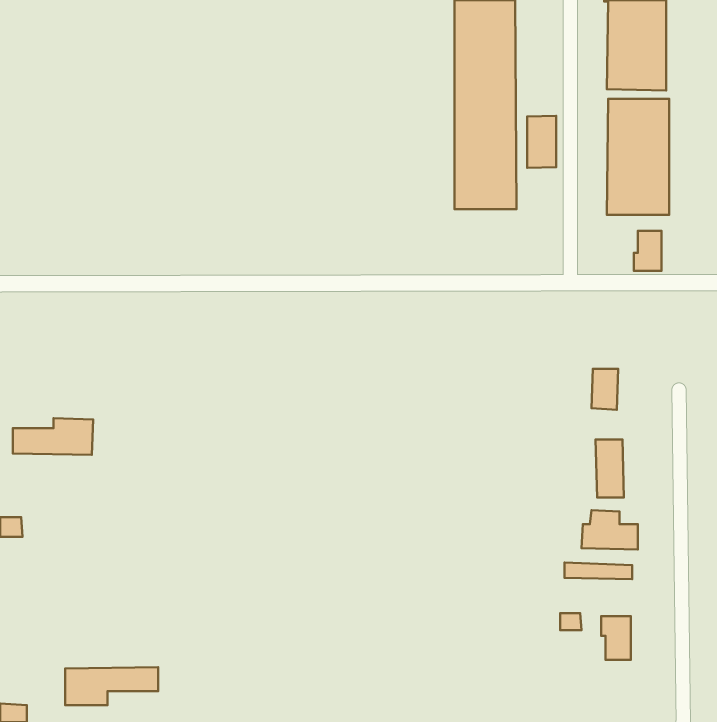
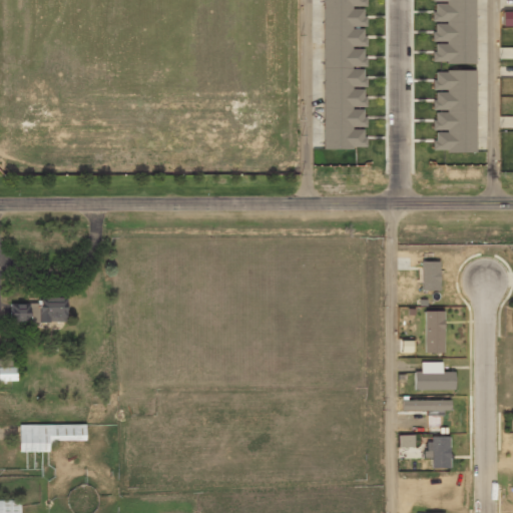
building: [527,116,556,168] -> none
building: [634,231,662,271] -> none
building: [65,667,158,705] -> [21,424,87,451]

